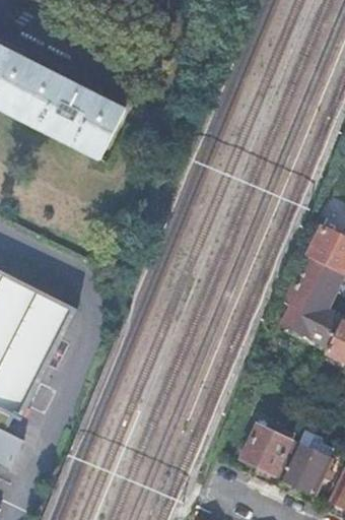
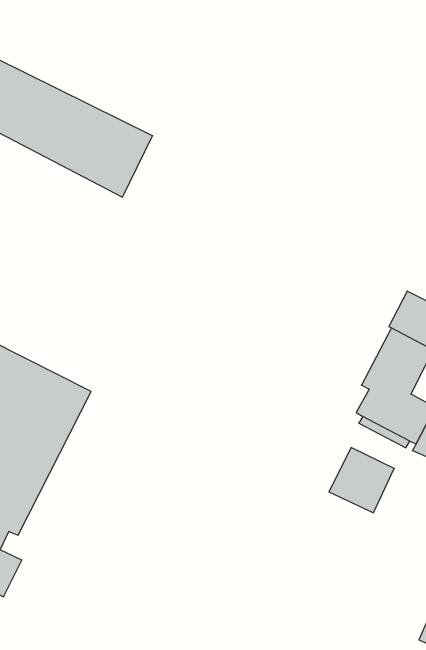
building: [240,426,291,476] -> [329,448,394,513]
building: [280,445,332,496] -> none

